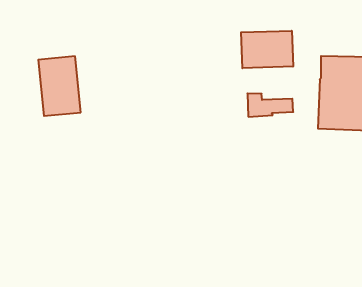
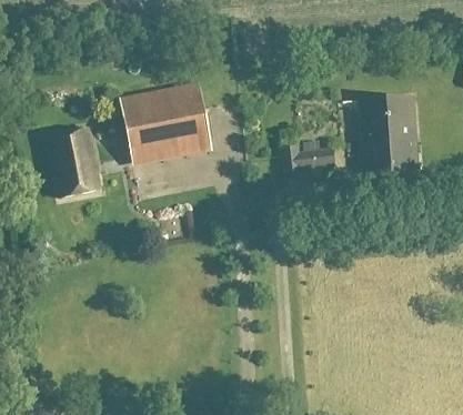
building: none -> [121,84,211,156]
building: [241,31,293,68] -> none

